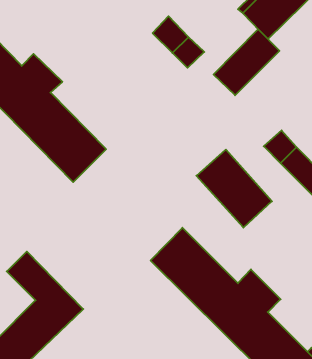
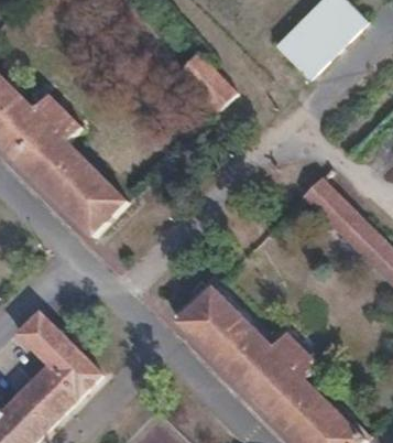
building: [214,29,279,95] -> none
building: [196,150,272,228] -> none

